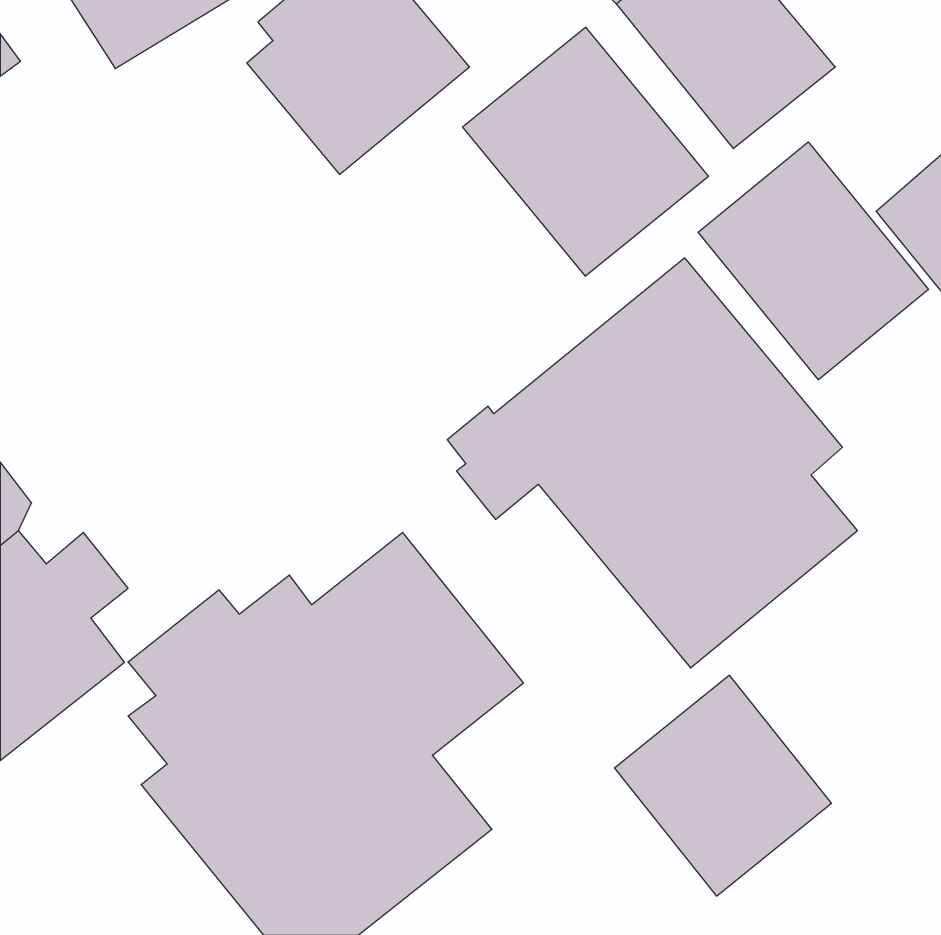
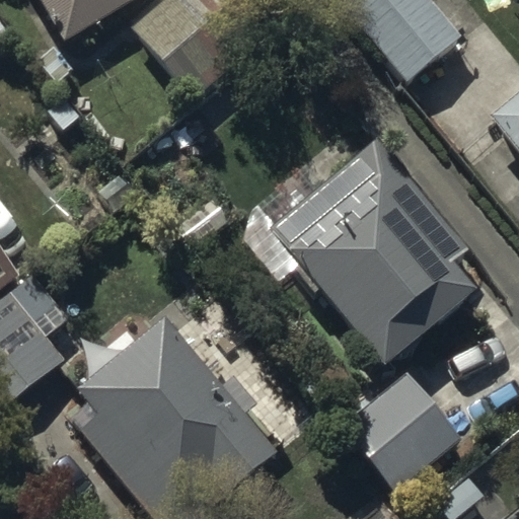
building: [463,27,708,276] -> none
building: [698,142,928,380] -> none

